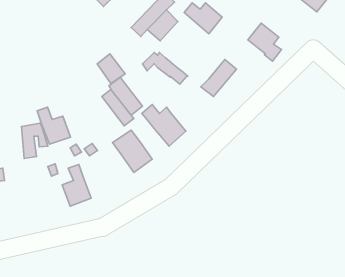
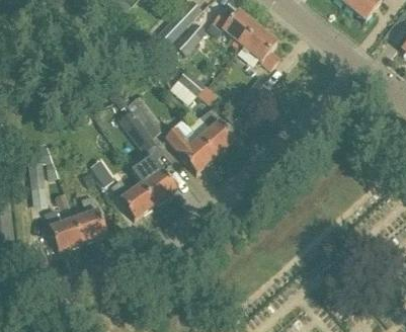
building: [248,23,281,61] -> [242,25,280,69]
building: [97,54,125,84] -> none
building: none -> [199,107,236,156]
building: [37,107,71,144] -> [45,208,83,250]
building: none -> [111,177,156,219]

